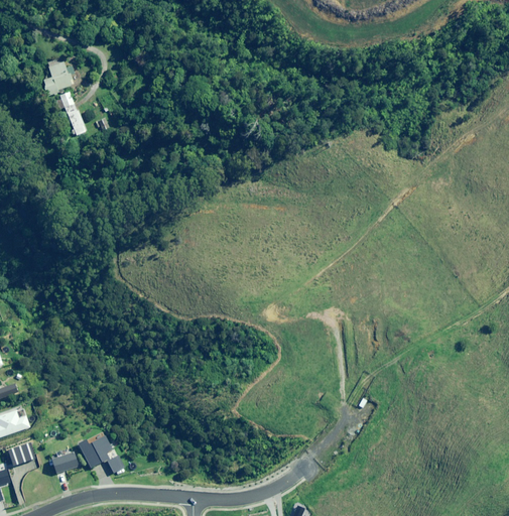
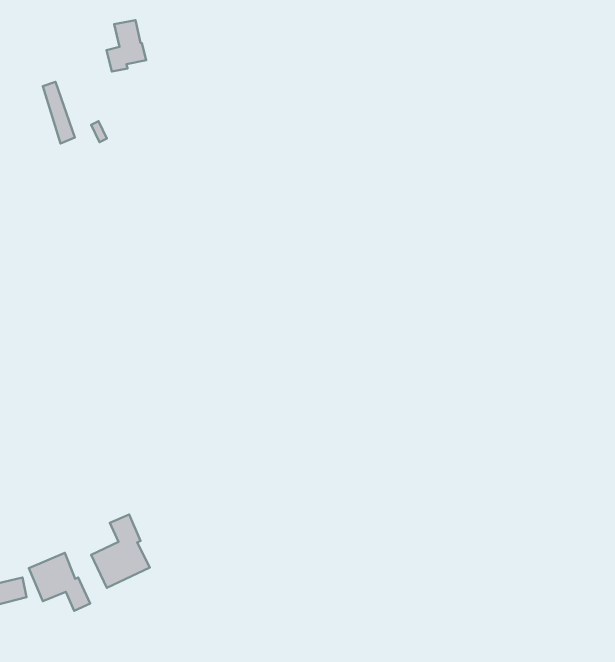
building: [42,56,72,95] -> [107,20,146,71]
building: none -> [91,514,150,588]

